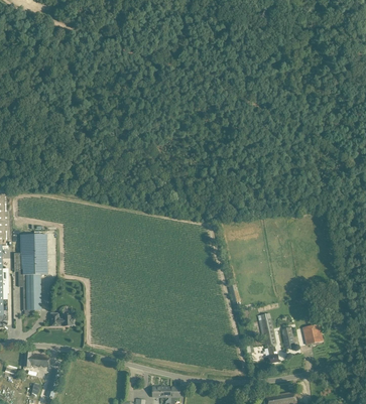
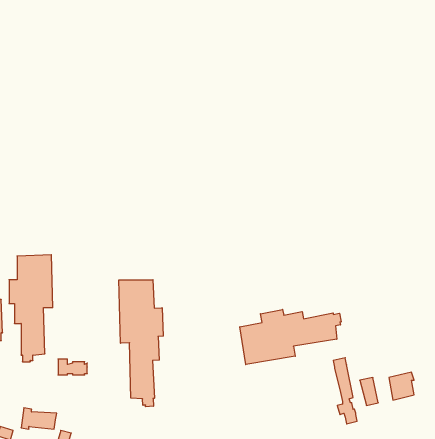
building: none -> [119,280,163,407]
building: none -> [240,309,341,365]

